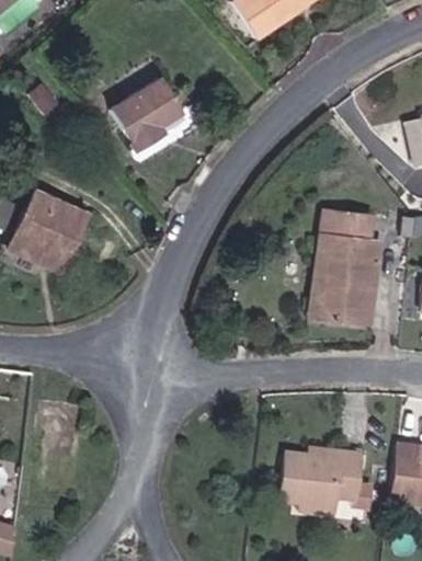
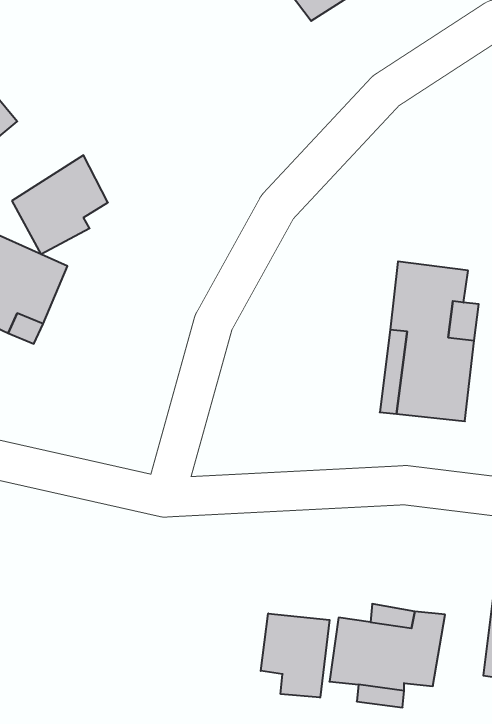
building: [104,83,173,154] -> [12,155,108,254]
building: none -> [261,613,330,698]

